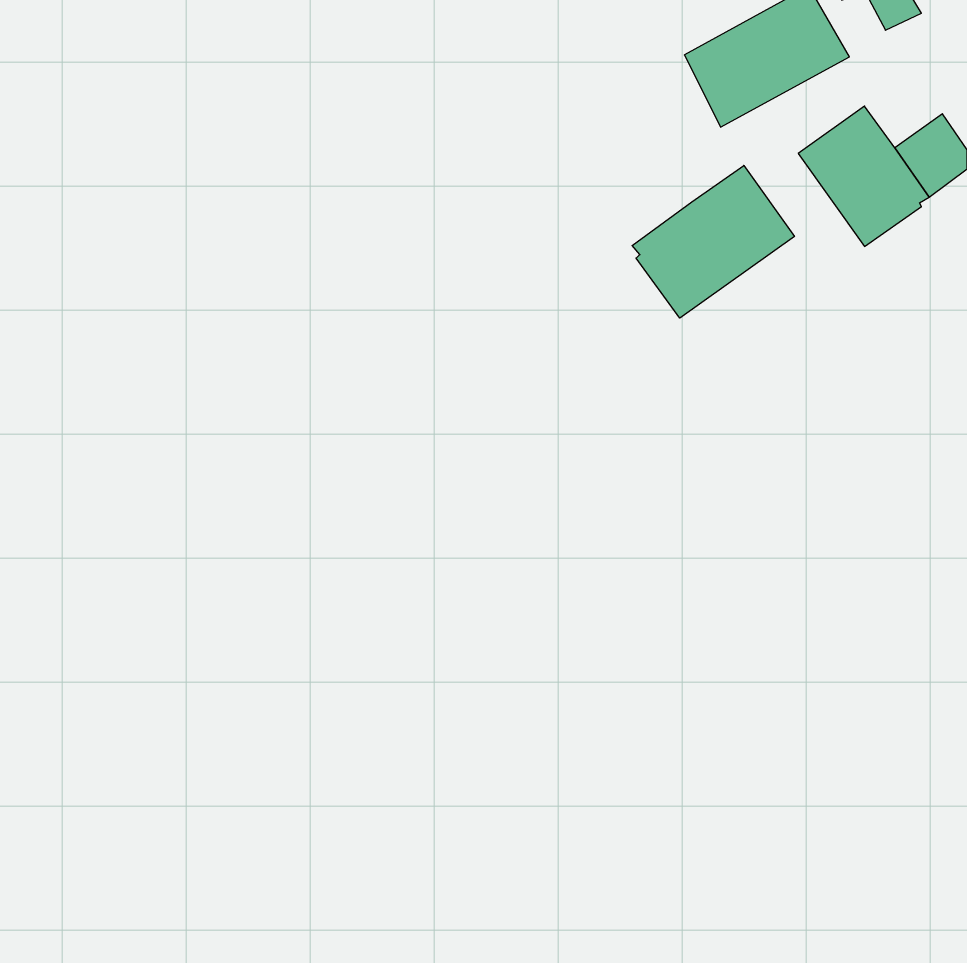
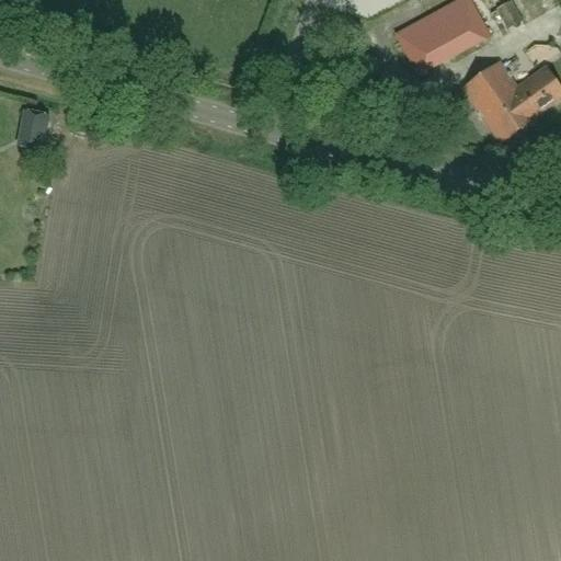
building: [632,165,794,318] -> none
building: none -> [19,110,49,149]

